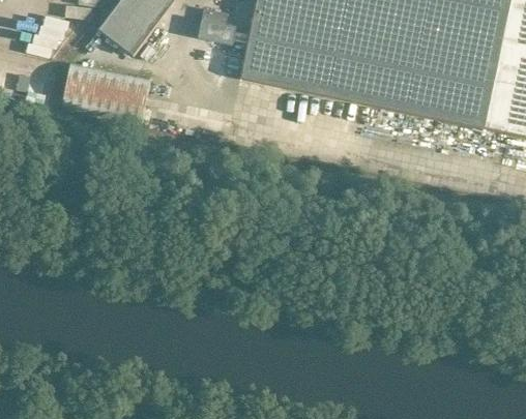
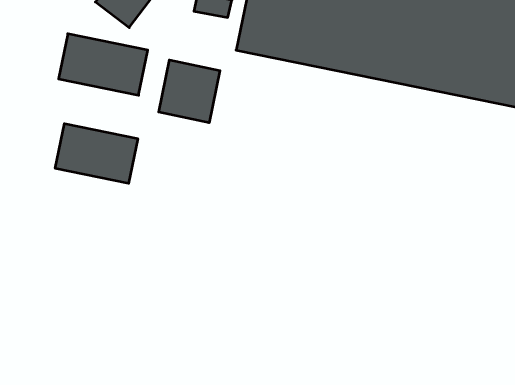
building: none -> [159,60,220,123]
building: none -> [55,124,138,183]

